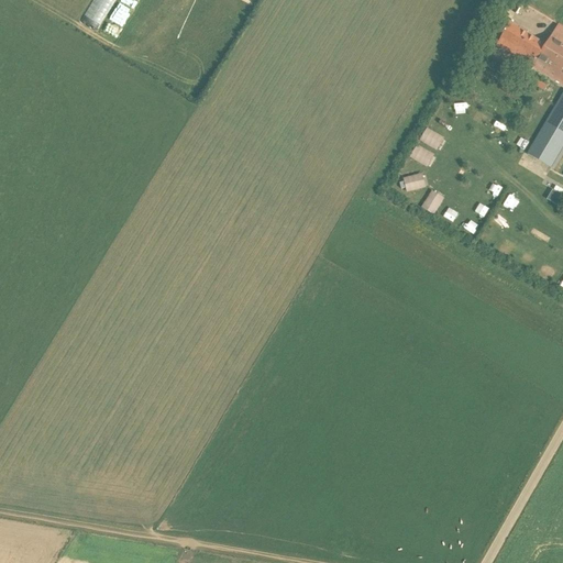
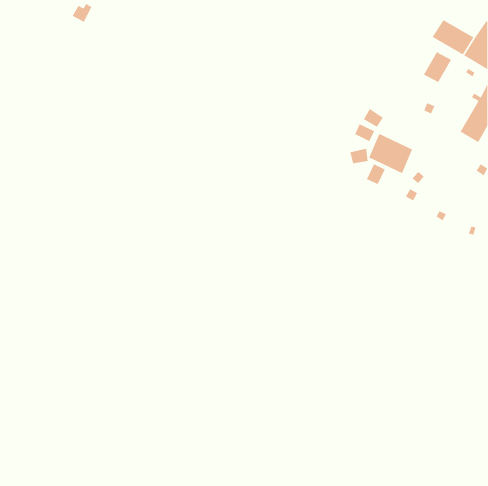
building: none -> [423,51,452,83]
building: none -> [368,133,413,174]

